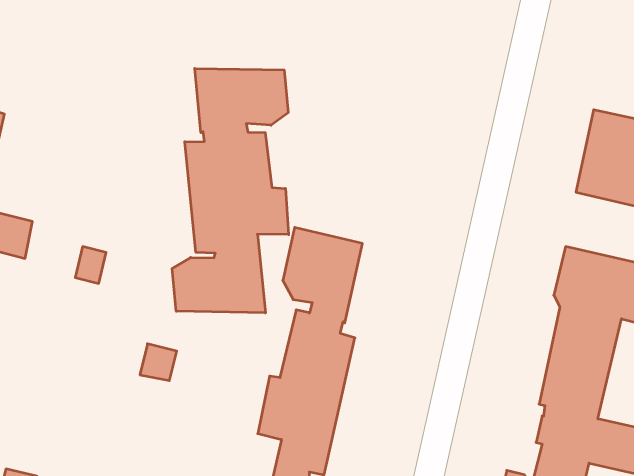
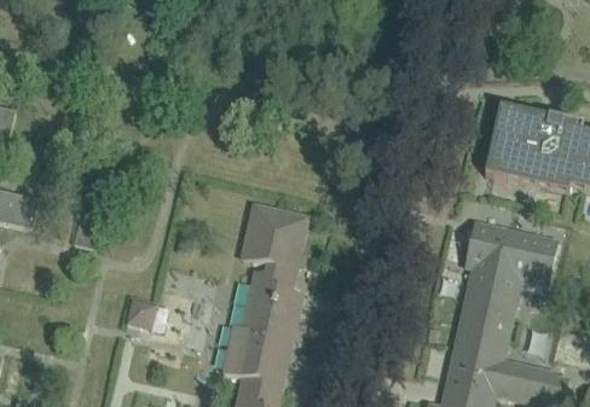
building: [172,68,289,313] -> none

